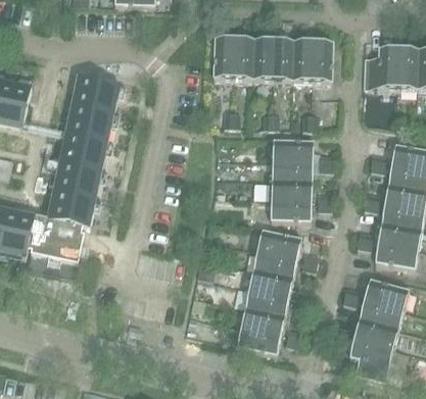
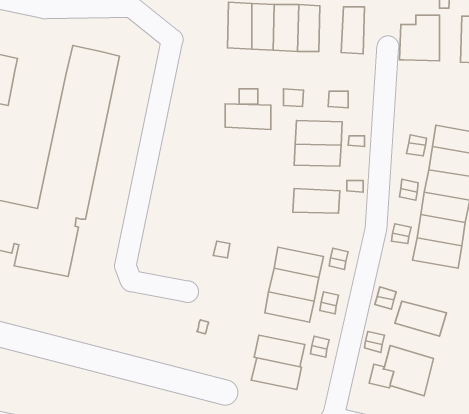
building: [293,39,315,80] -> none
building: [398,47,418,88] -> none
building: [272,178,312,200] -> [225,104,271,130]
building: [257,229,301,257] -> none
building: [366,278,409,306] -> none
building: [241,306,285,334] -> [251,358,301,389]
building: [356,315,398,346] -> none

